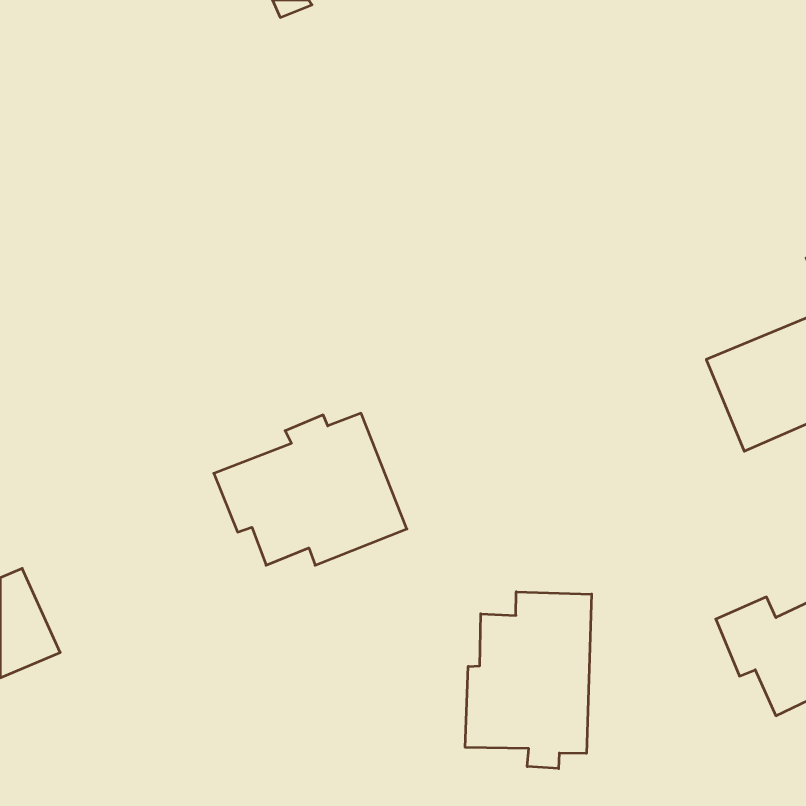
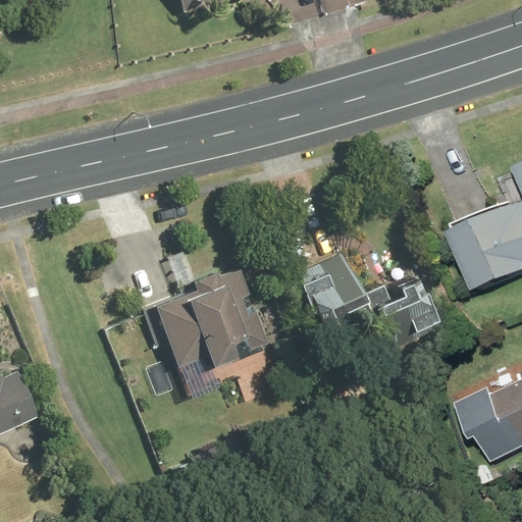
building: none -> [291,253,431,329]
building: [465,592,592,769] -> none

